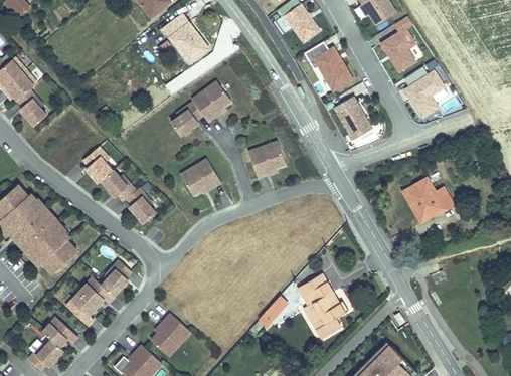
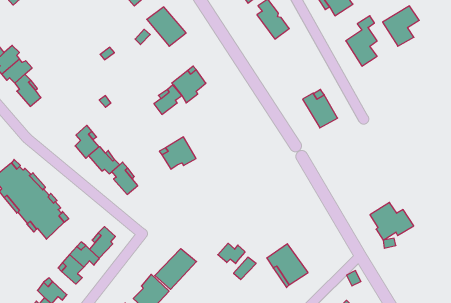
building: [310,50,358,100] -> none
building: [402,70,444,116] -> [383,6,419,46]
building: [249,144,287,177] -> none
building: [410,179,460,221] -> [370,202,414,240]
building: none -> [218,243,245,264]
building: none -> [155,249,197,289]

